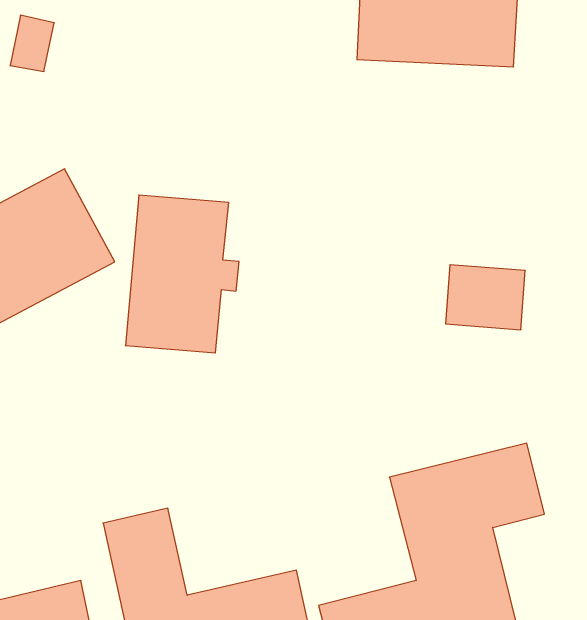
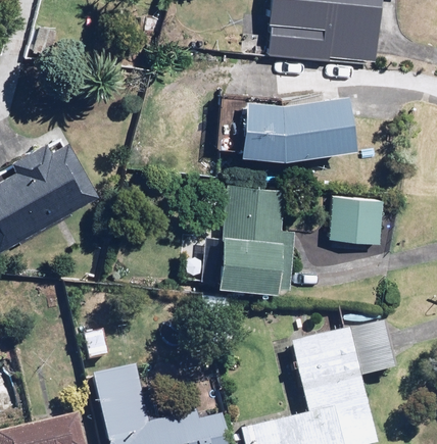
building: none -> [241,94,358,157]
building: [125,195,239,353] -> [217,184,296,293]

